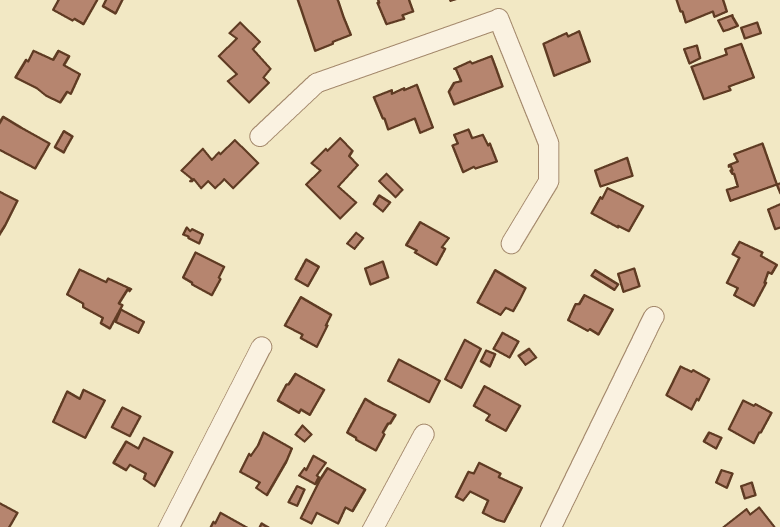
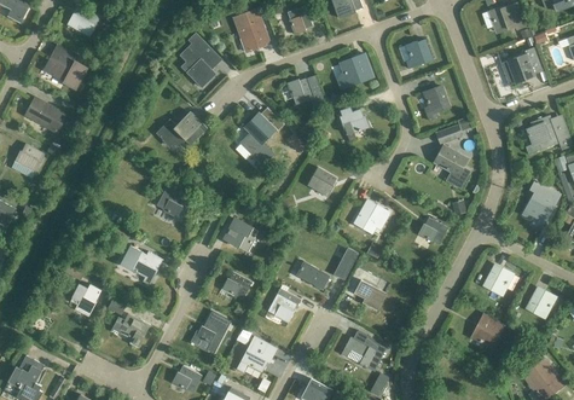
building: none -> [422,87,450,121]
building: [67,270,131,328] -> [120,245,163,285]
building: none -> [469,313,503,347]

